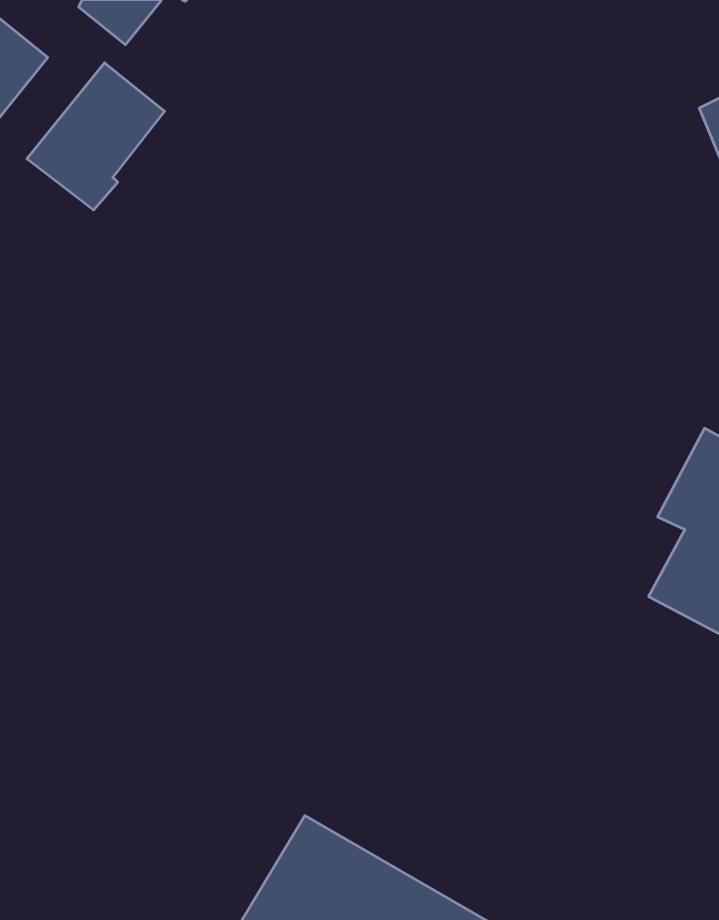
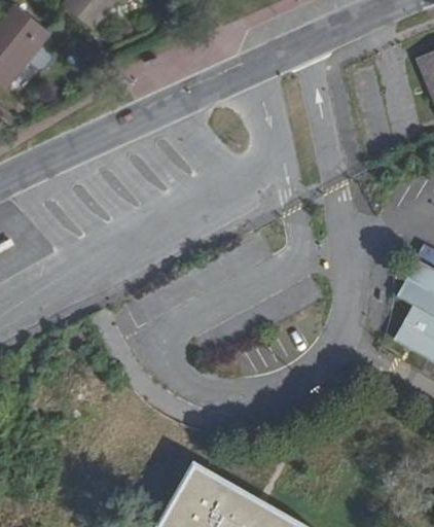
building: [27,63,165,210] -> none

